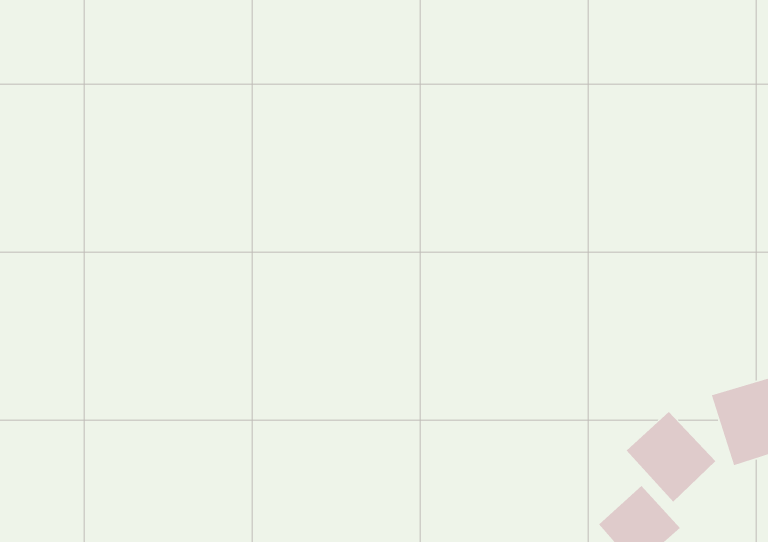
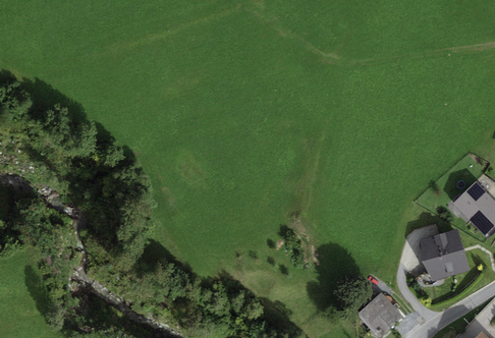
building: [626,411,716,502] -> none

